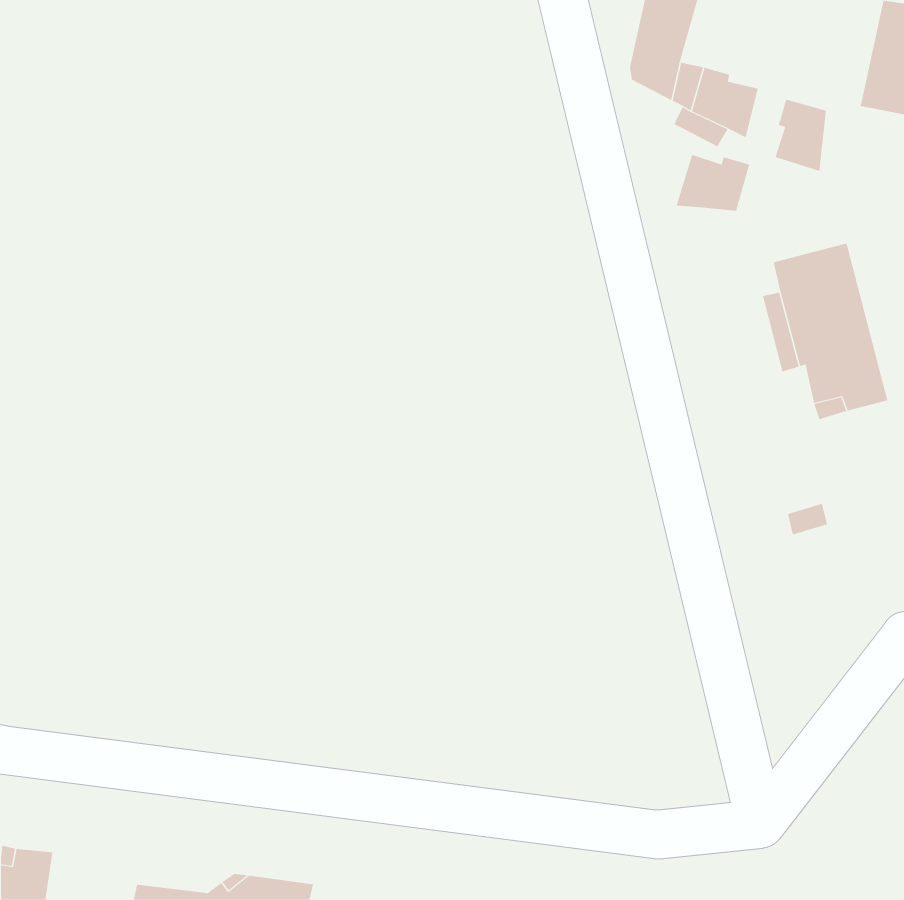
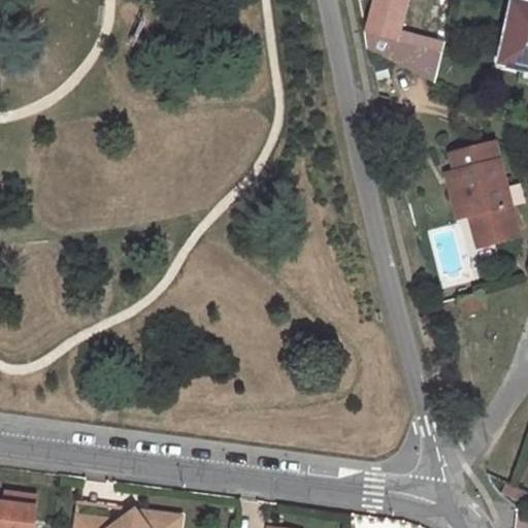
building: [775,99,827,172] -> none
building: [676,154,750,211] -> none

